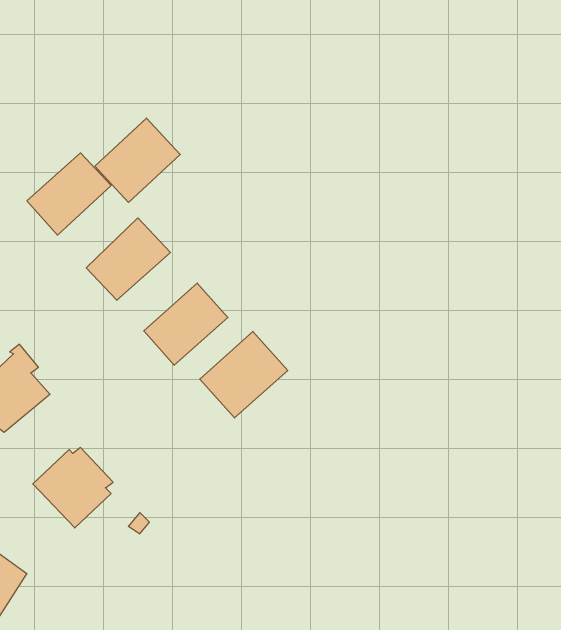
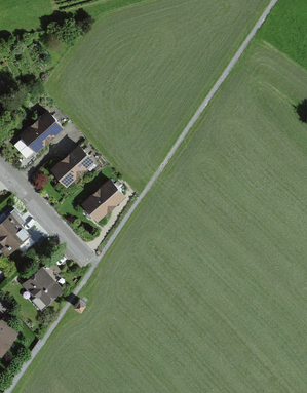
building: [95,118,180,202] -> none
building: [200,331,288,418] -> none

